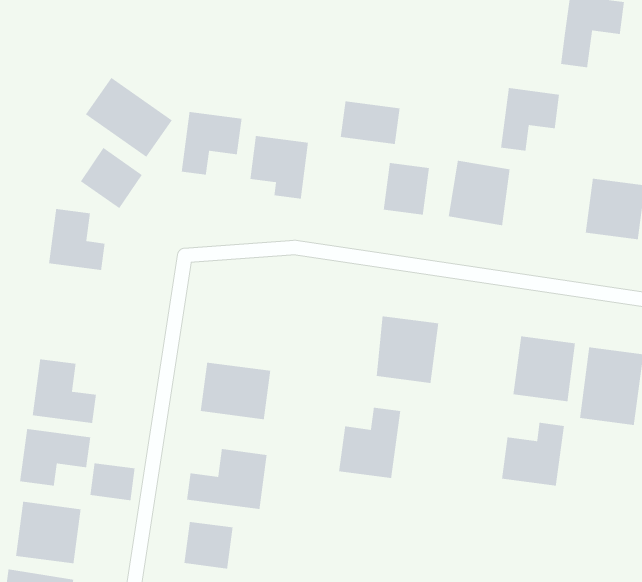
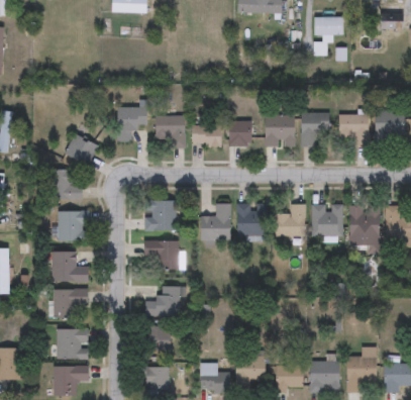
building: [85,77,173,158] -> none
building: [500,87,560,152] -> [302,113,330,146]
building: [340,100,400,145] -> [192,125,222,145]
building: none -> [58,210,90,240]
building: none -> [144,200,176,230]
building: [338,407,401,479] -> [201,203,230,240]
building: [501,422,565,486] -> [275,203,305,236]
building: [89,462,136,501] -> none

